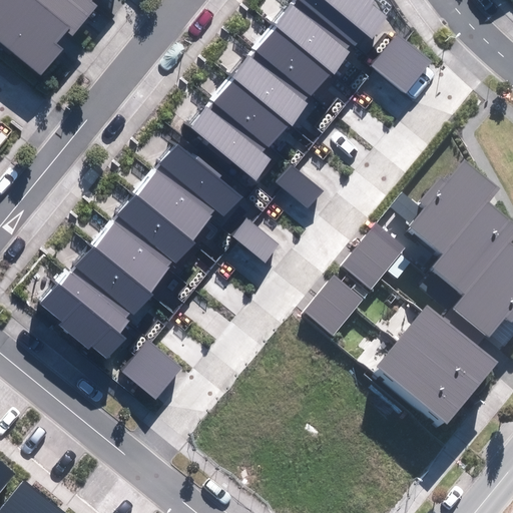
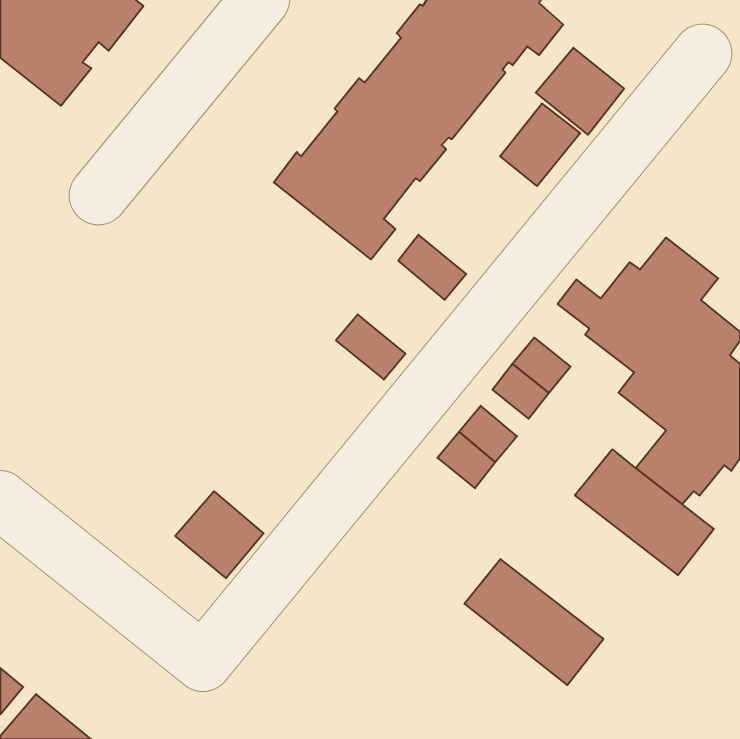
building: none -> [500,104,580,186]
building: [42,141,242,360] -> none
building: [373,343,469,430] -> [464,559,603,685]

